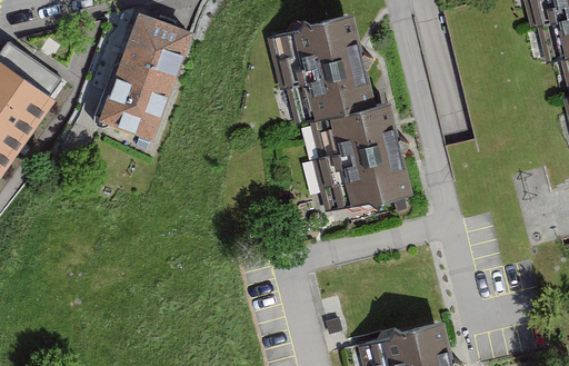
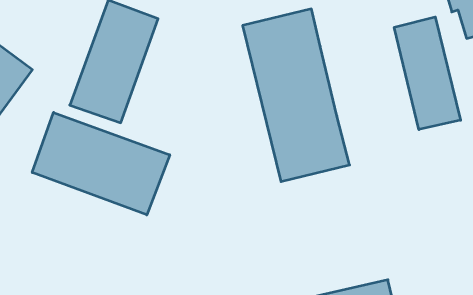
building: none -> [394,17,461,130]
building: none -> [32,112,170,215]

